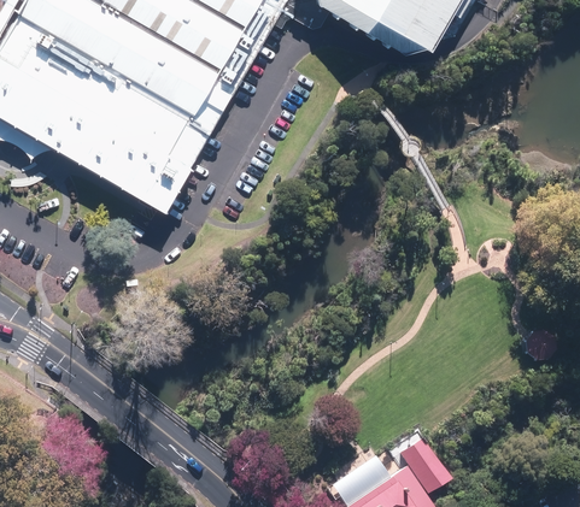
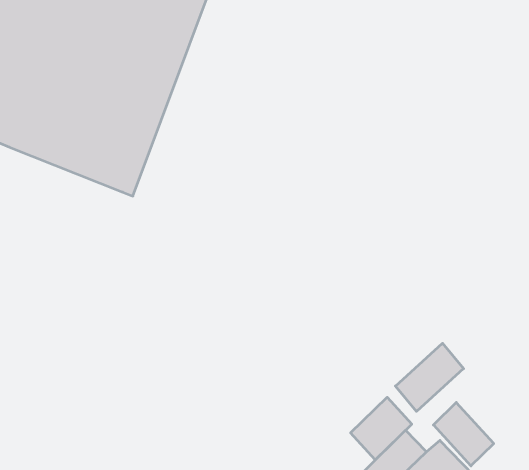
building: none -> [395,343,464,411]
building: none -> [351,397,412,460]

